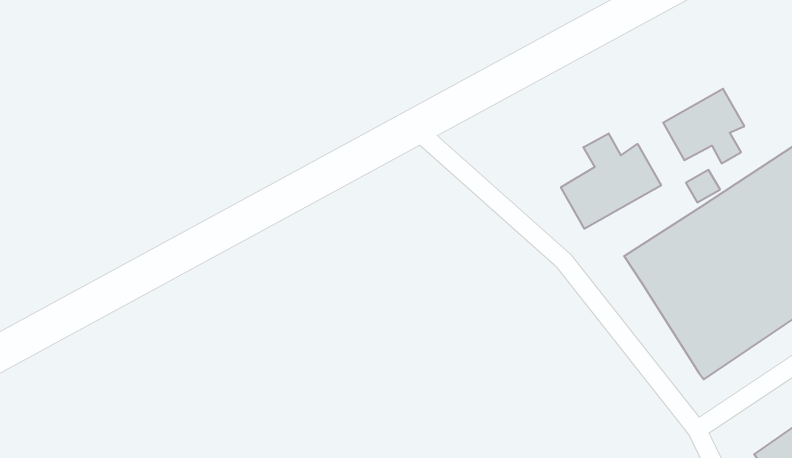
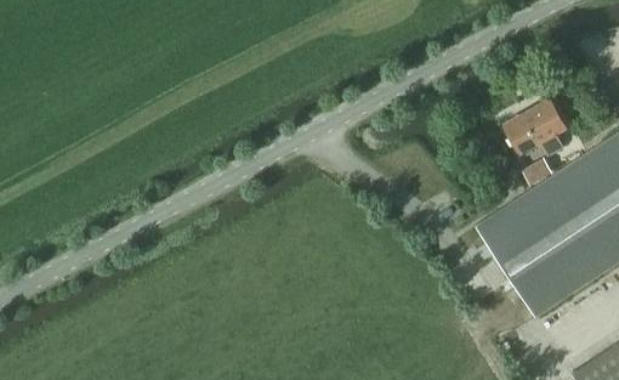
building: [561,133,661,229] -> none

